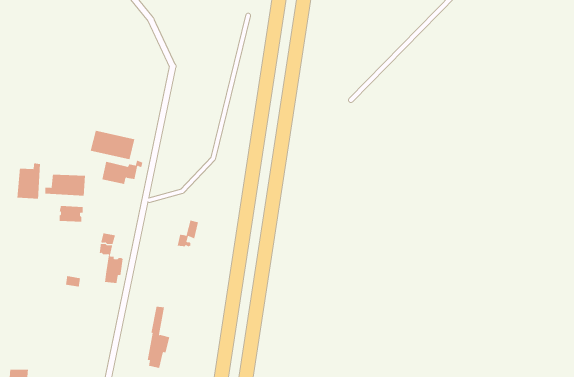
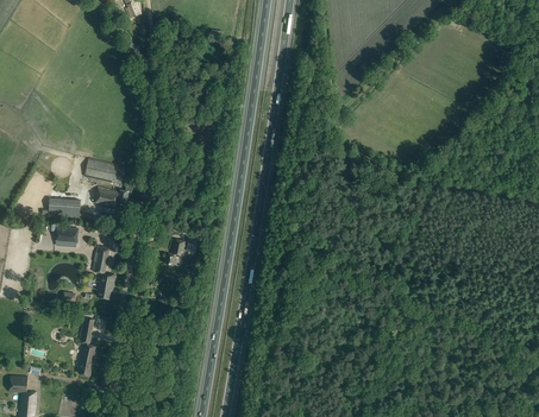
building: [17,163,41,200] -> none
building: [147,306,170,368] -> [80,317,101,374]

